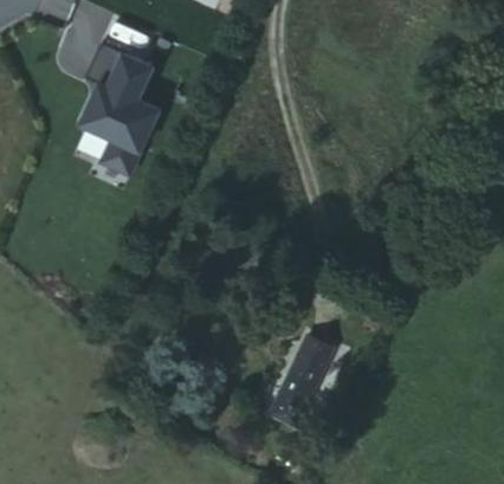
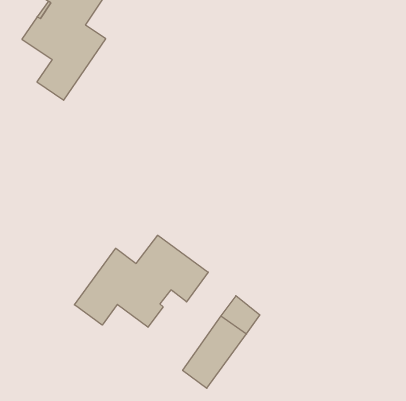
building: none -> [74,235,208,327]

